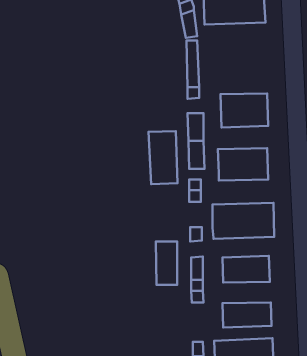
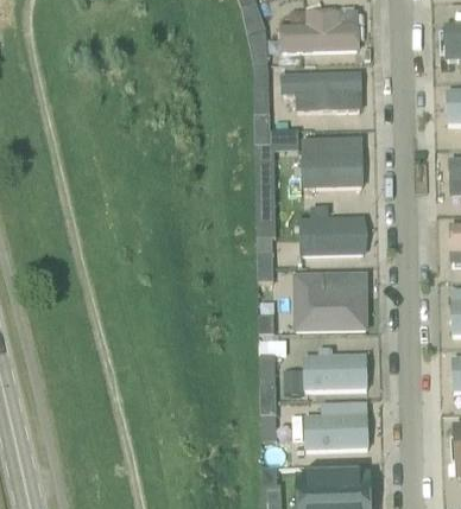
building: none -> [280,70,362,110]
building: [149,131,177,184] -> none
building: [156,242,177,285] -> none

